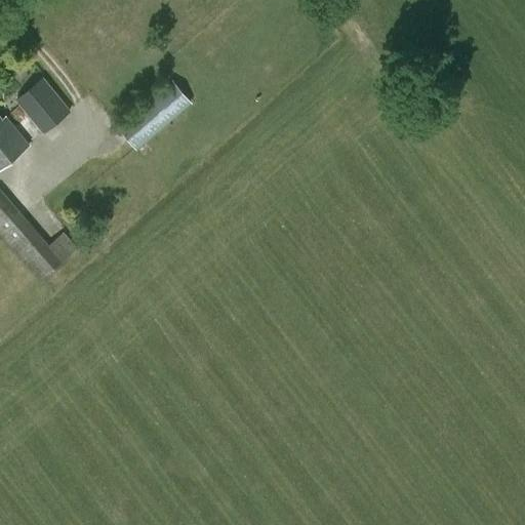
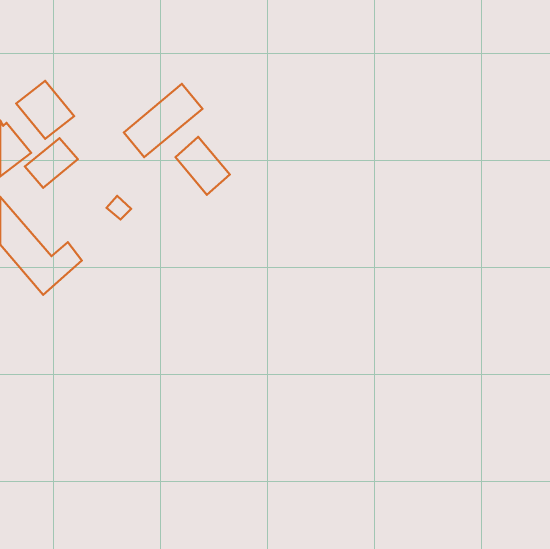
building: none -> [176,137,230,195]
building: none -> [25,138,78,188]

